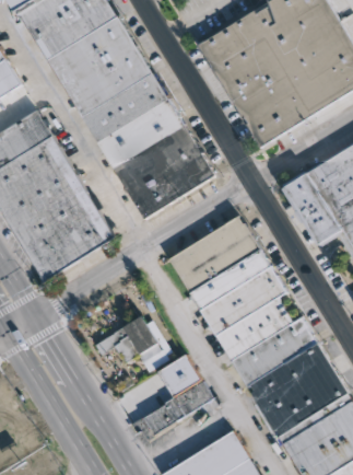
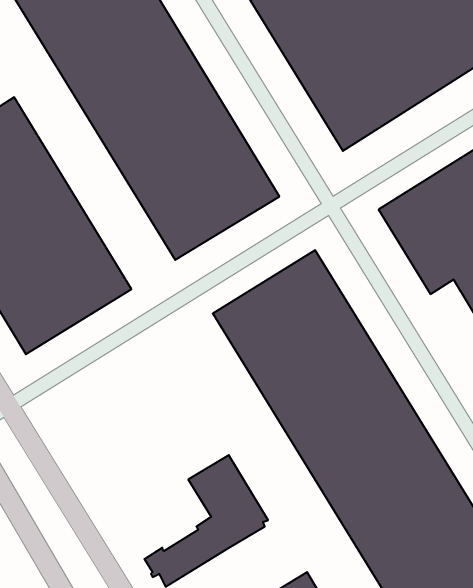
building: [95,314,175,372] -> none

